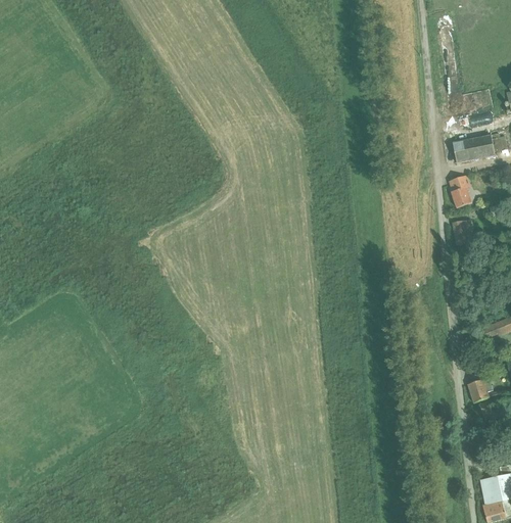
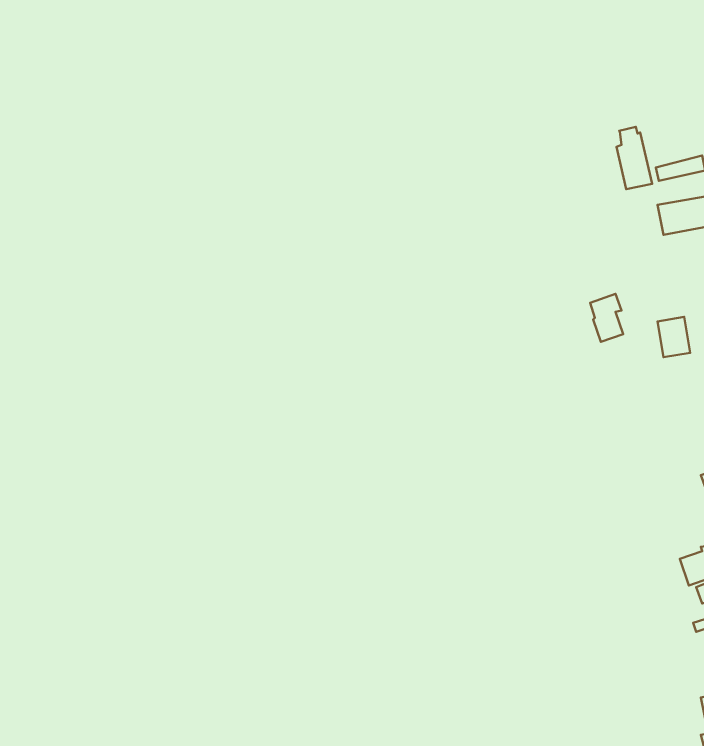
building: none -> [616,127,652,189]
building: [450,175,472,207] -> [590,294,623,342]

